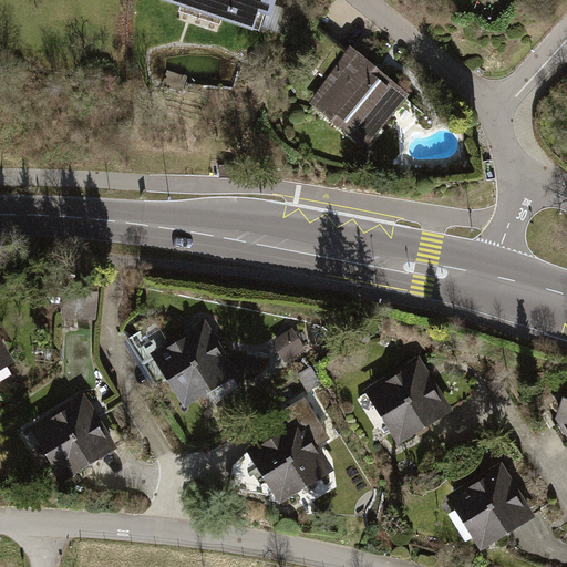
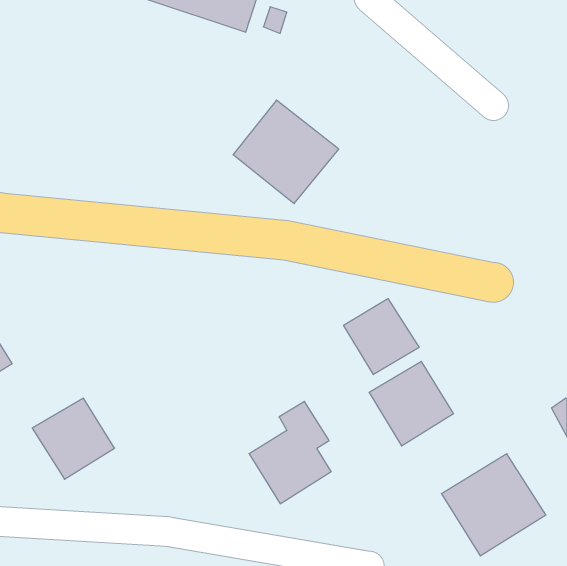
building: [302,45,408,148] -> [233,100,339,204]
building: none -> [344,299,419,375]
building: [153,322,235,405] -> none

